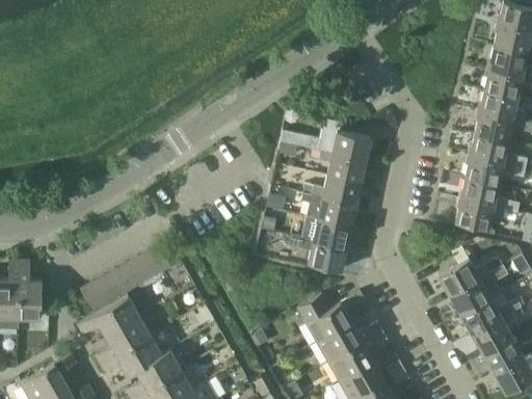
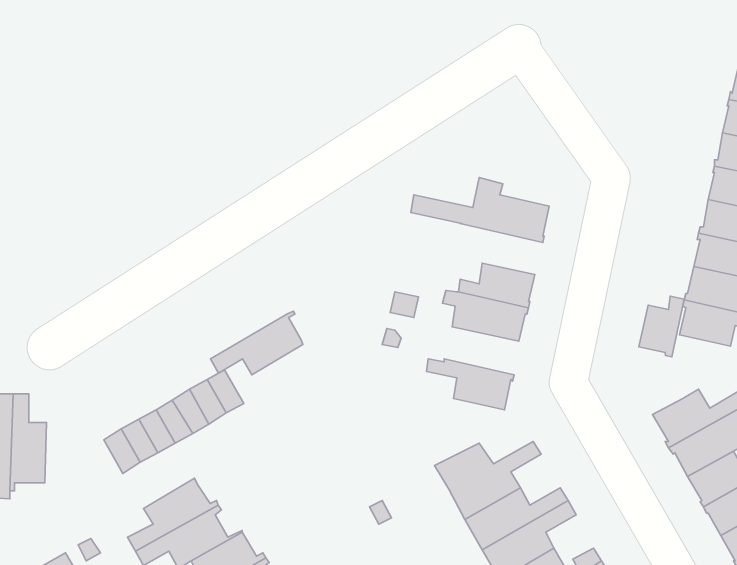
building: [312,150,367,183] -> none
building: none -> [639,296,684,357]
building: [302,217,351,248] -> none
building: [79,294,139,336] -> [211,311,303,375]

